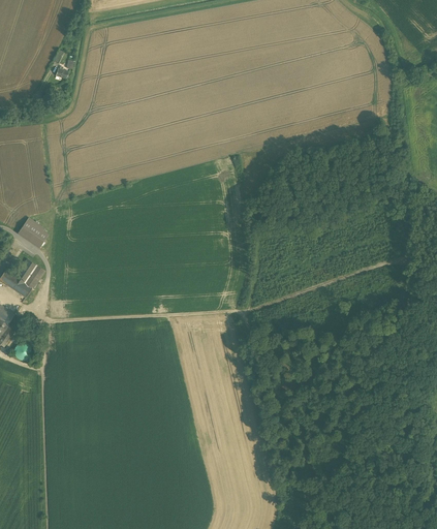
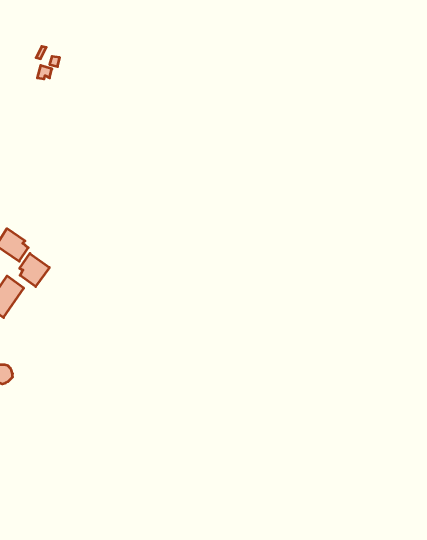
building: none -> [20,253,49,287]

